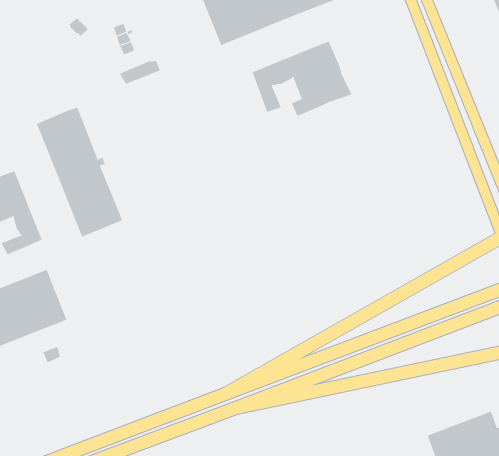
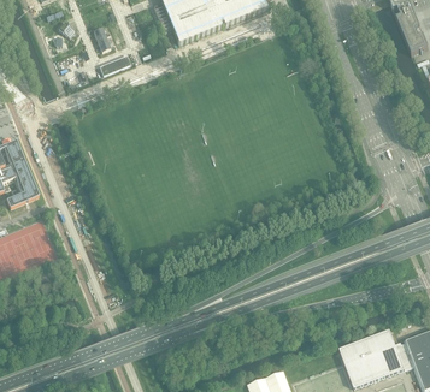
building: [252,41,352,117] -> none
building: [36,107,123,237] -> none

